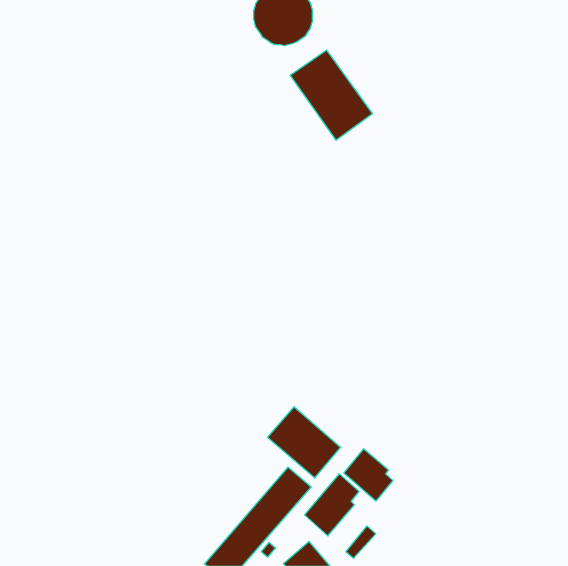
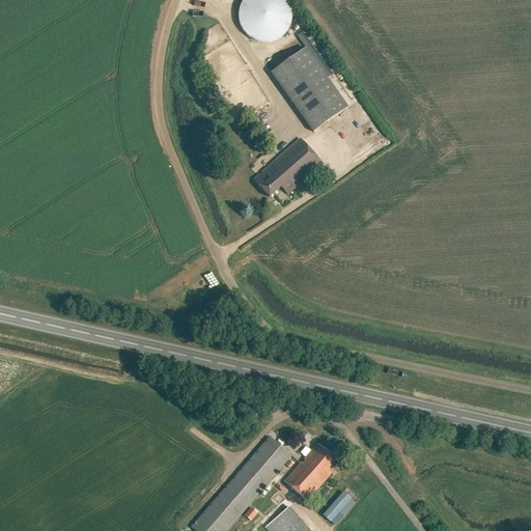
building: none -> [253,138,322,196]
building: [267,407,341,478] -> none
building: [344,449,393,501] -> none

